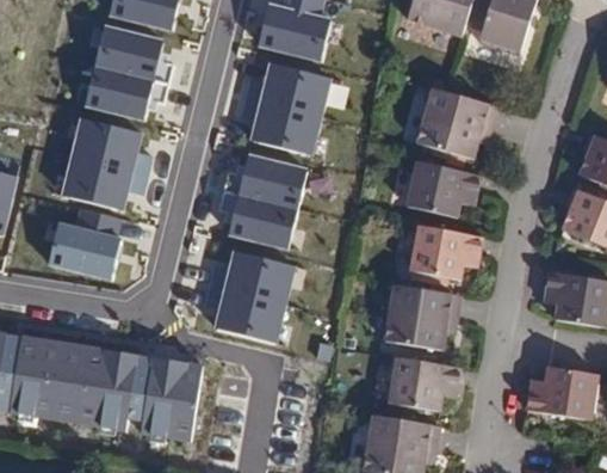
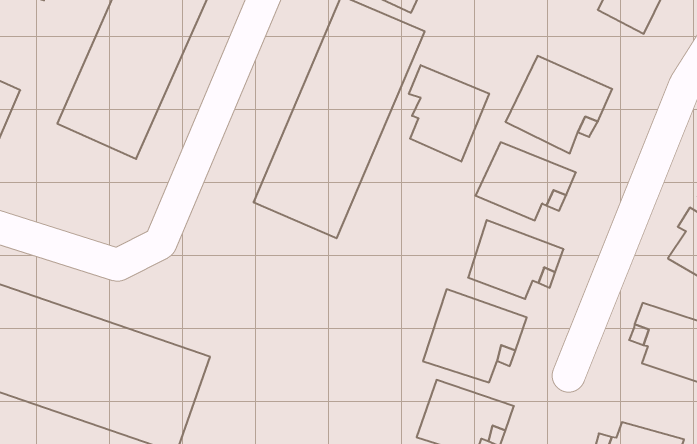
building: none -> [409,65,489,162]
building: [43,217,120,280] -> none
building: [213,252,301,348] -> none

